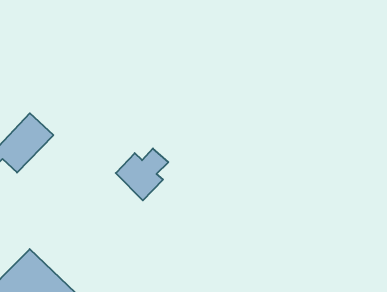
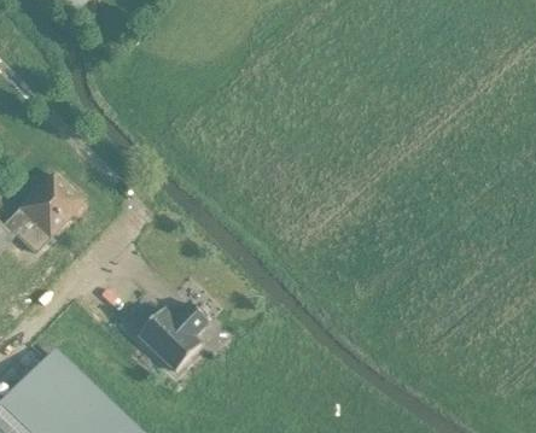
building: [116,148,168,200] -> [138,299,208,368]

